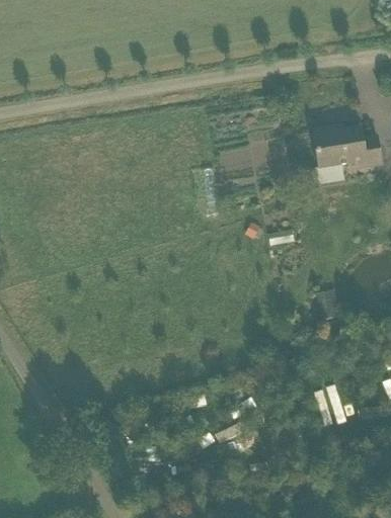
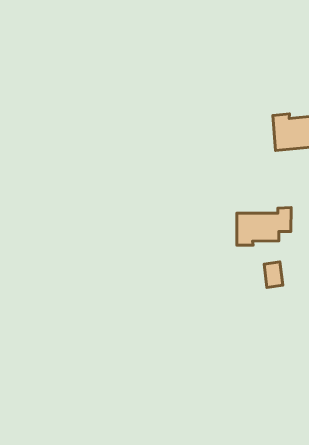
building: none -> [237,208,291,245]

